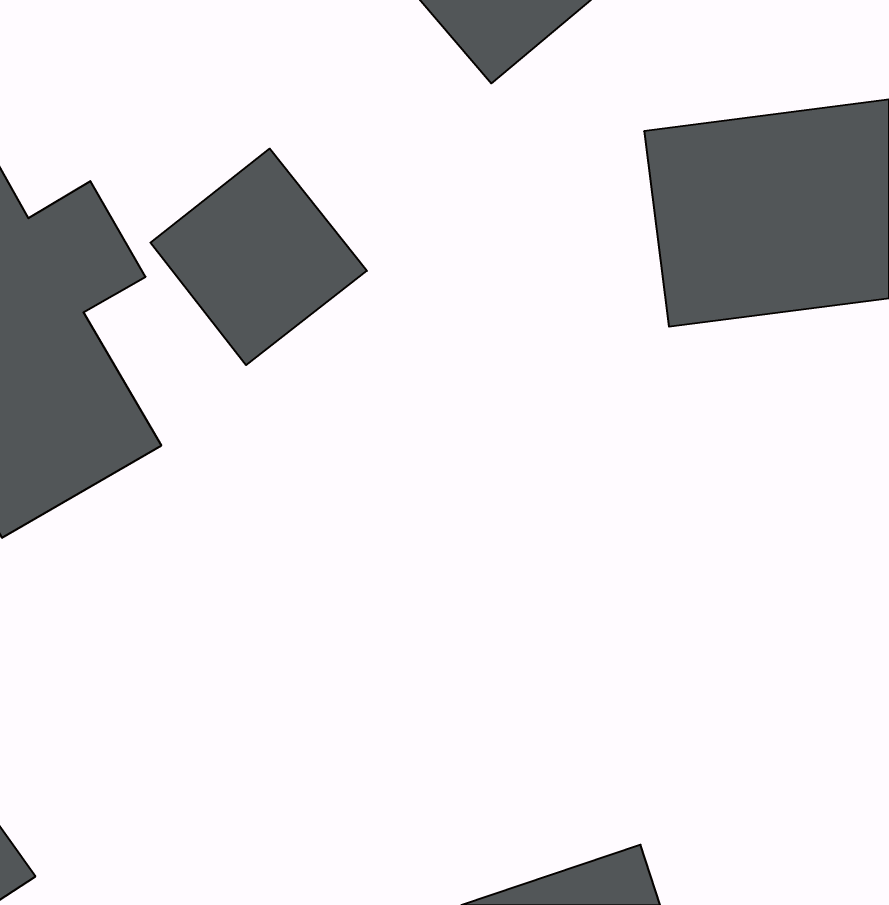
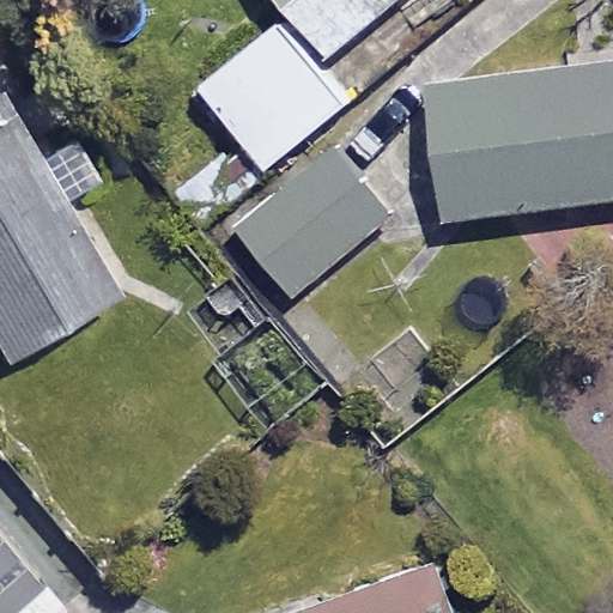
building: [150,149,367,365] -> [201,23,347,169]
building: none -> [237,150,387,293]

